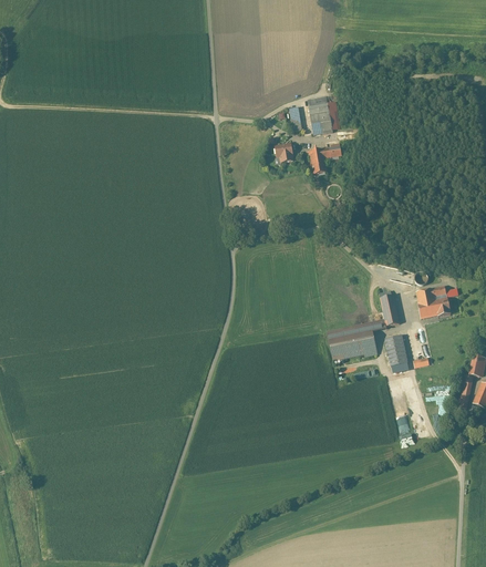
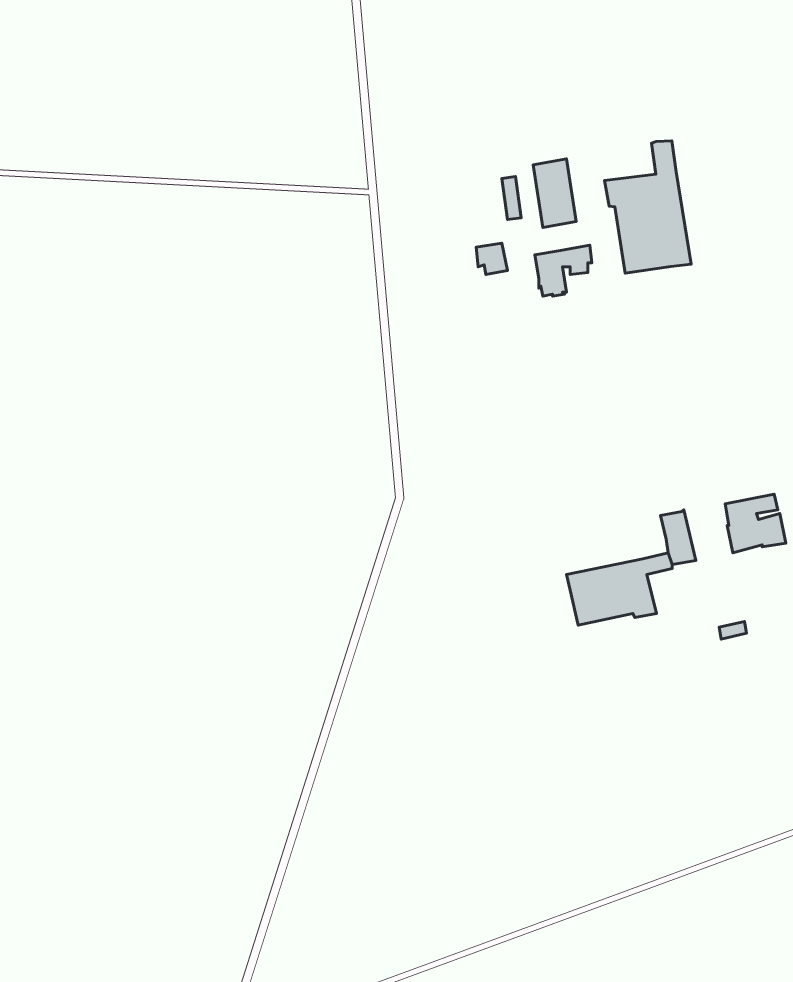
building: none -> [604,141,691,273]
building: [385,334,407,365] -> none

